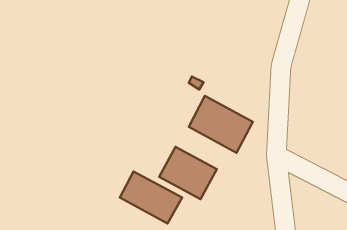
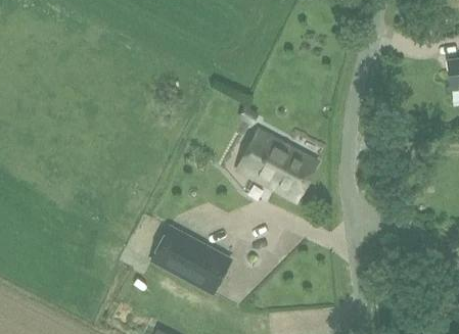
building: [159,147,217,199] -> none

